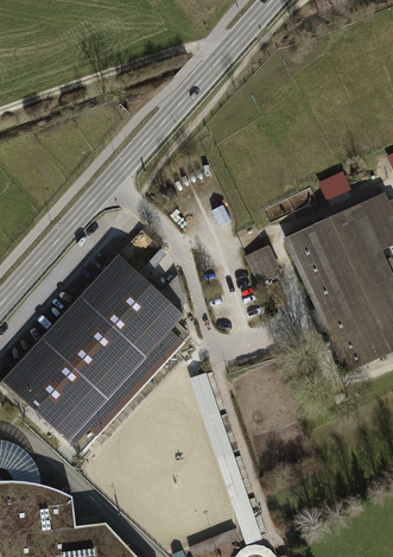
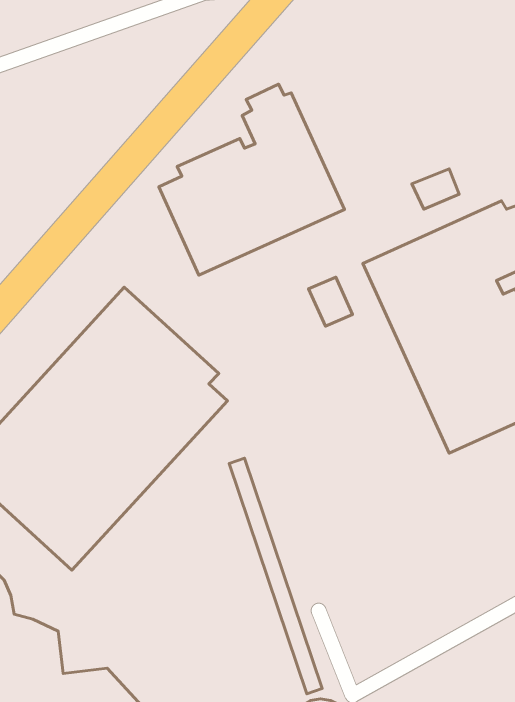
building: none -> [159,84,344,275]

